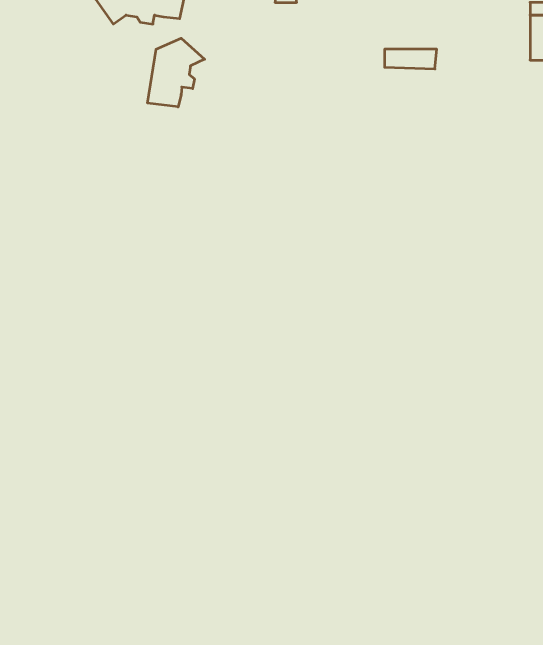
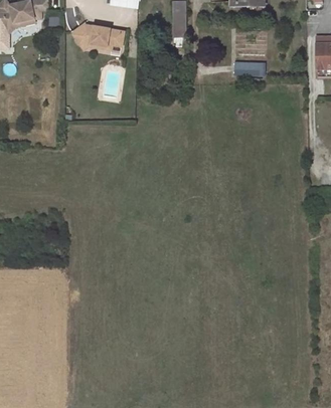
building: [148,38,205,107] -> none

